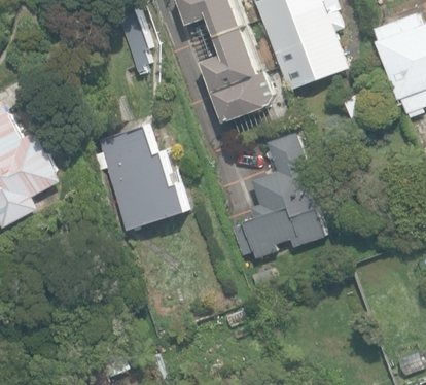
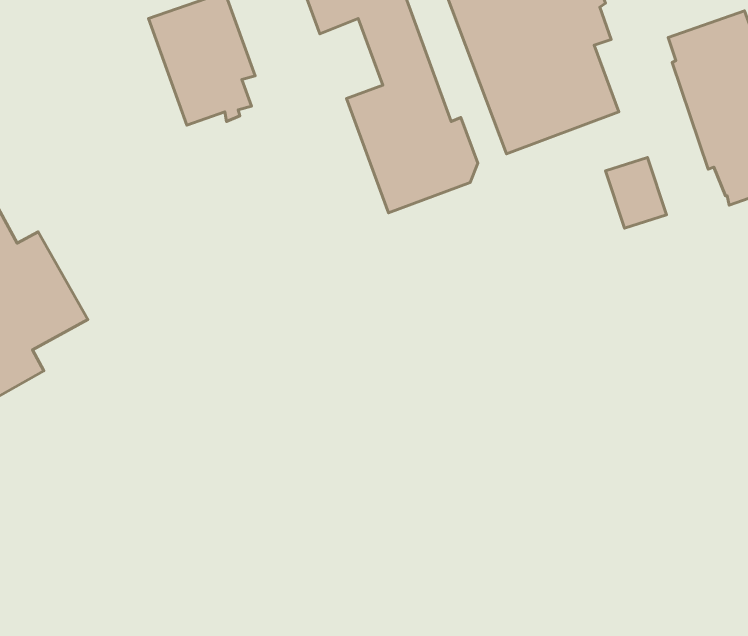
building: [98,126,187,231] -> none
building: [230,132,326,260] -> none

